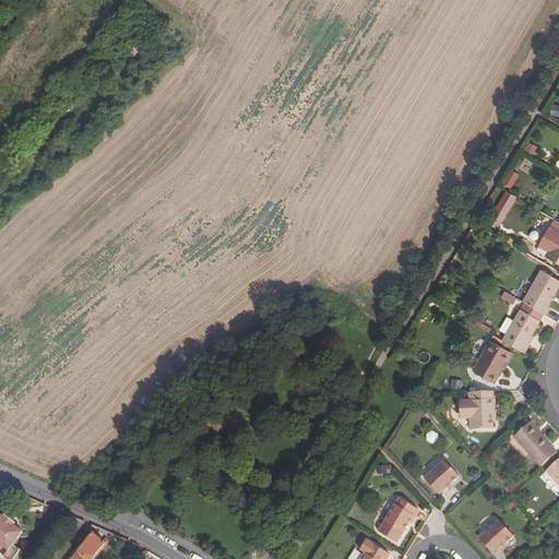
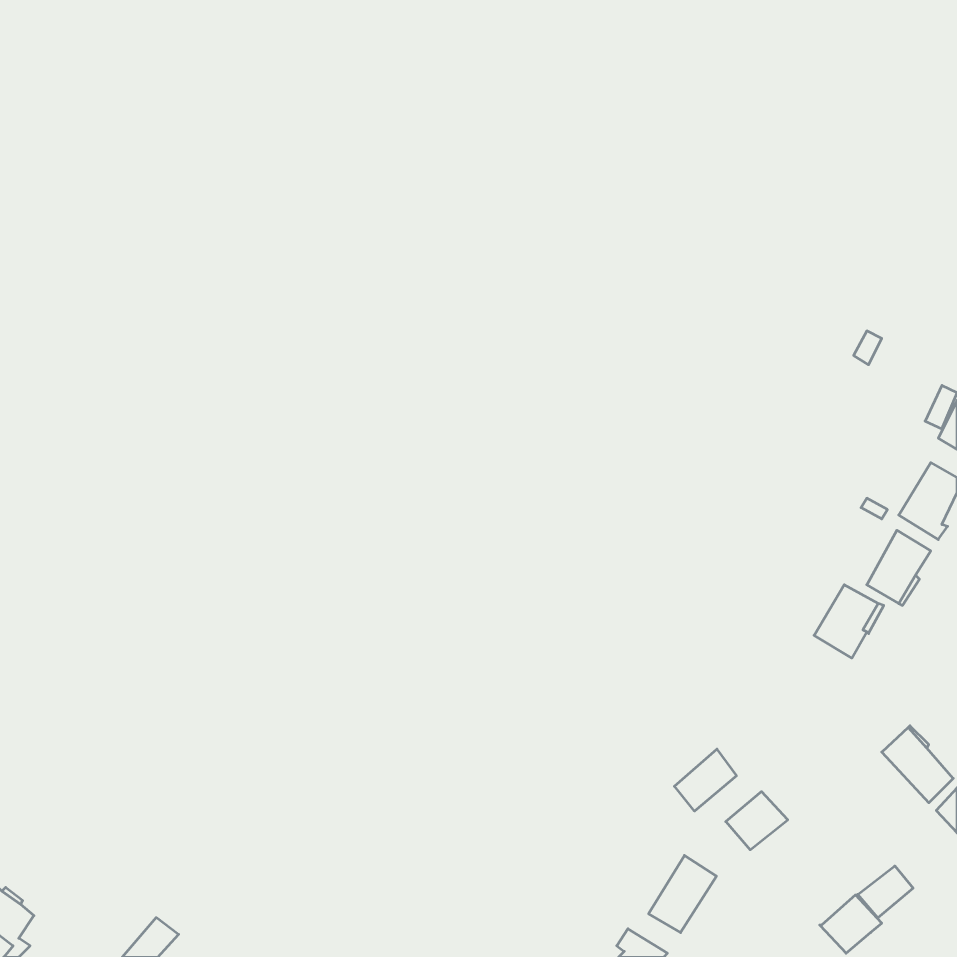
building: [468,390,495,429] -> none
building: none -> [674,749,736,811]
building: none -> [858,866,913,918]

